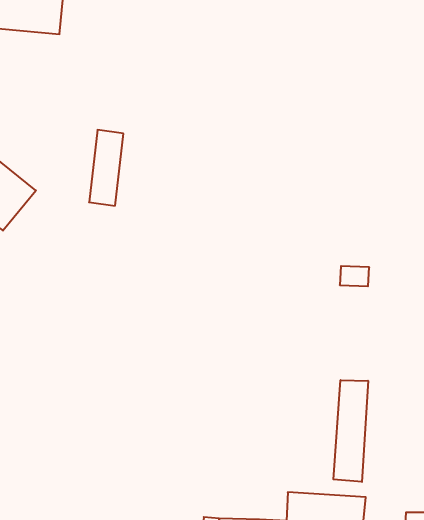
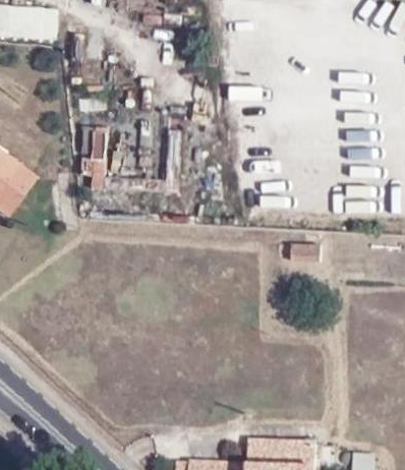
building: [333,380,368,482] -> none

